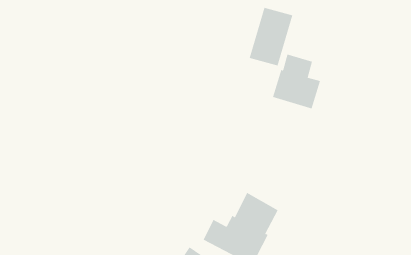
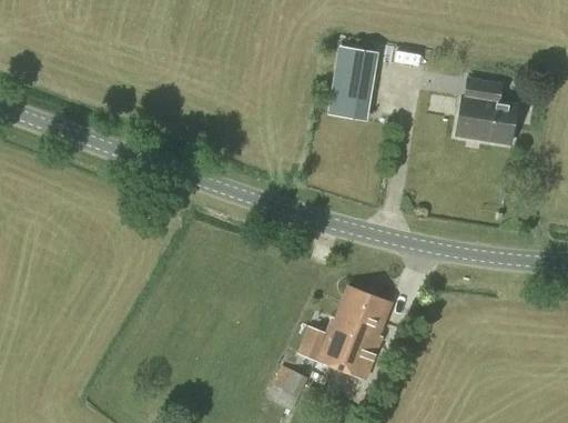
building: [272,54,321,109] -> [456,77,516,143]

